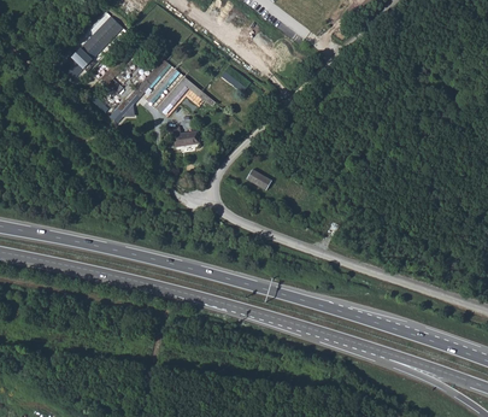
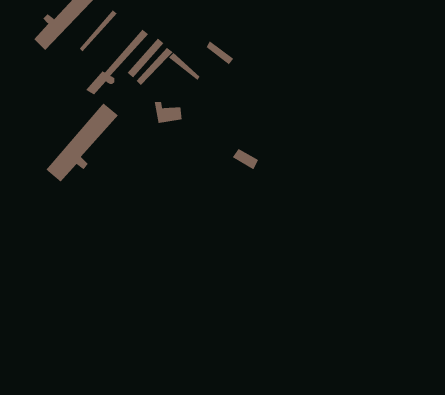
building: none -> [45,102,119,182]

